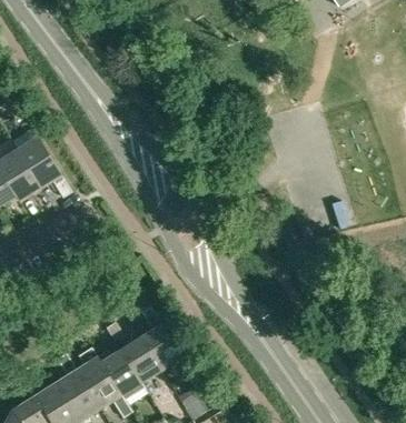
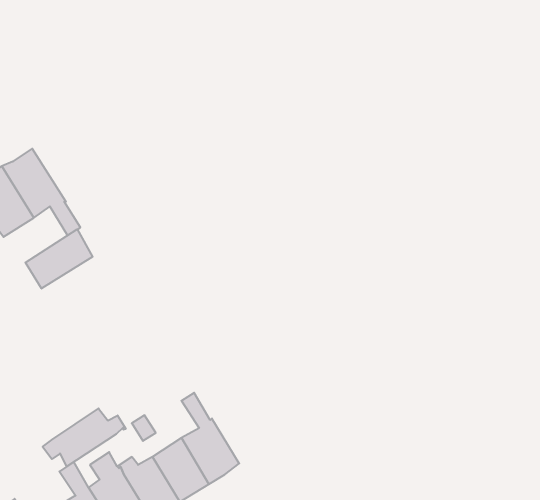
building: none -> [25,229,93,289]
building: none -> [43,408,126,466]

